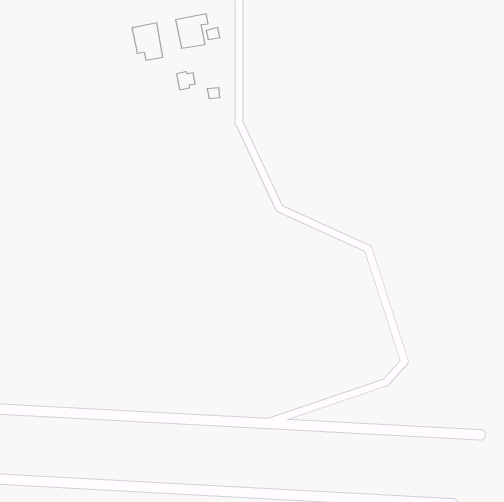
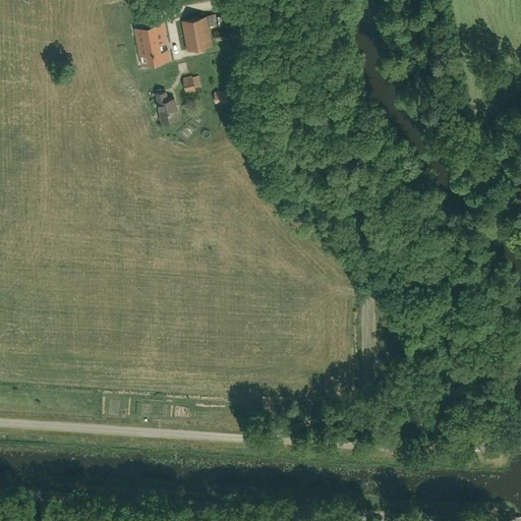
building: none -> [157,94,177,123]

